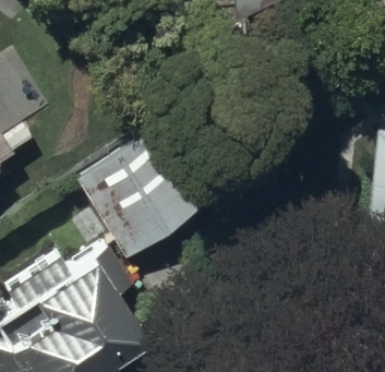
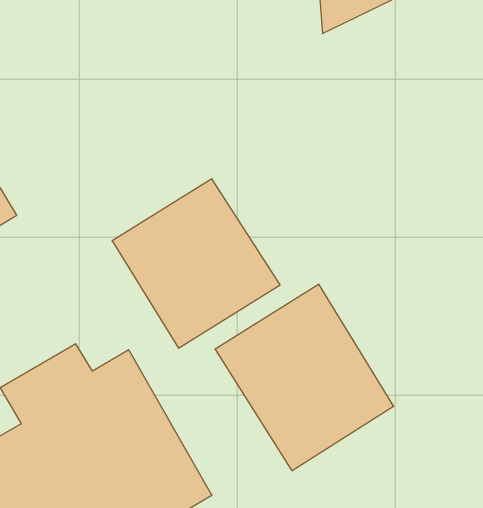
building: none -> [215,284,394,471]

